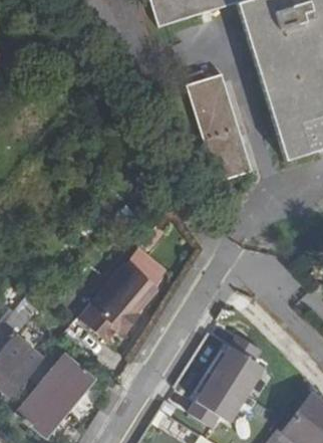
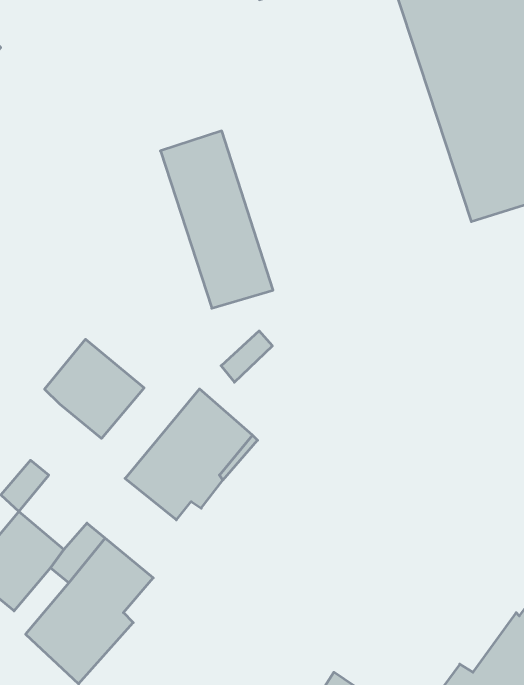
building: [185,74,253,182] -> [160,131,273,308]
building: none -> [45,339,144,438]
building: [191,334,266,426] -> none

